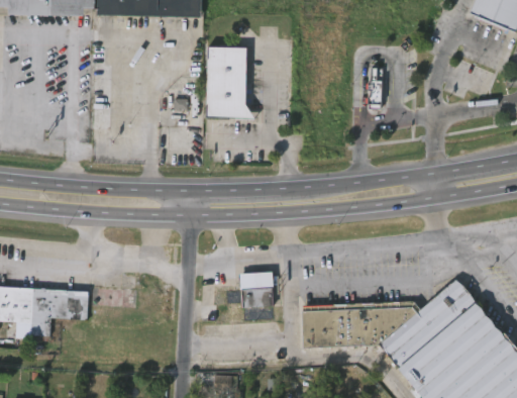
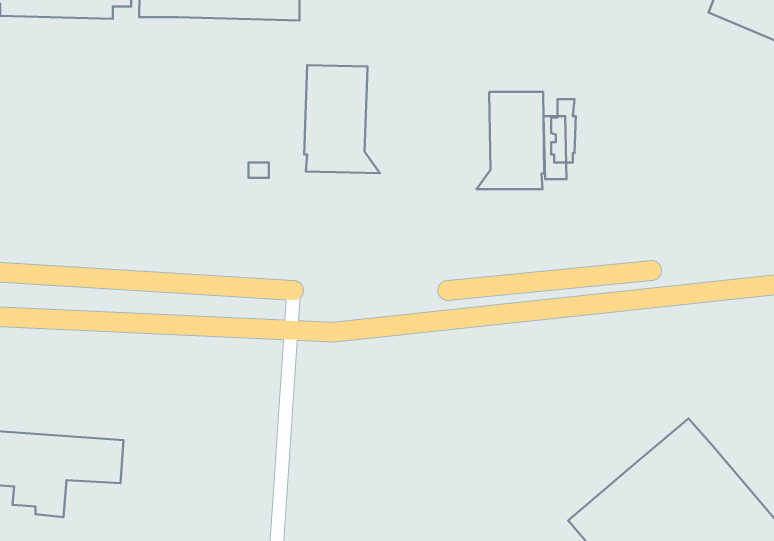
building: none -> [476,92,544,189]
building: [239,272,274,312] -> none
building: [301,300,419,346] -> none

